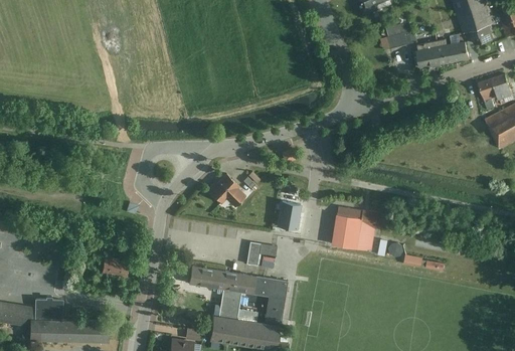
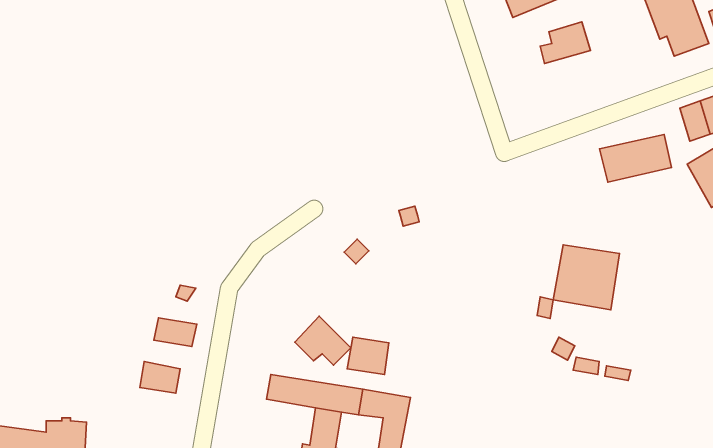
building: [415,34,466,67] -> [599,135,671,182]
building: [208,173,247,207] -> [295,316,351,365]
building: [279,201,301,228] -> none
building: [331,205,377,250] -> [553,245,619,310]
building: none -> [154,318,197,347]

